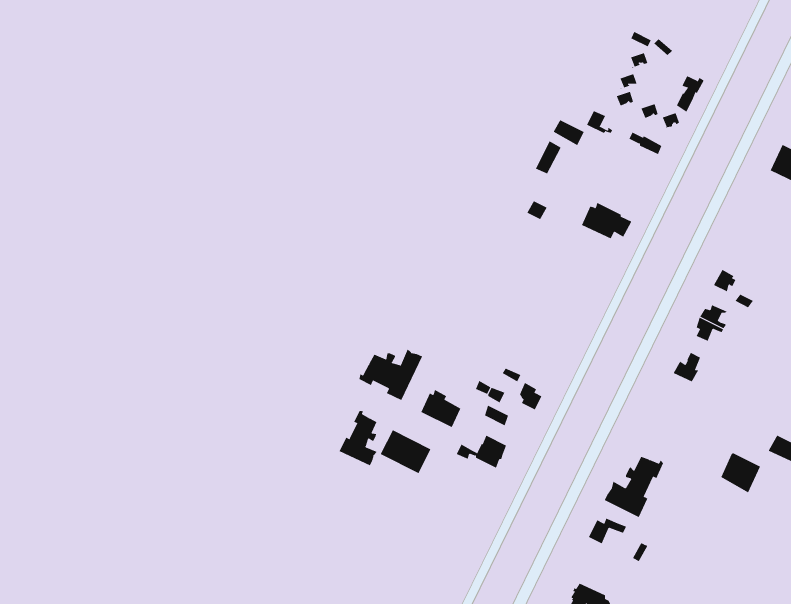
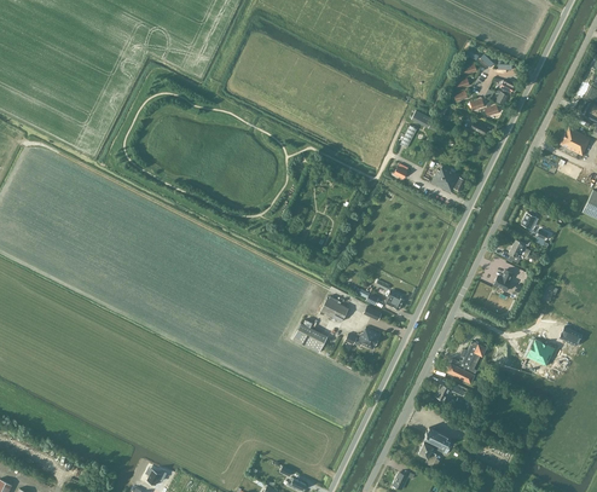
building: [359,349,423,401] -> none
building: [339,410,378,466] -> none

